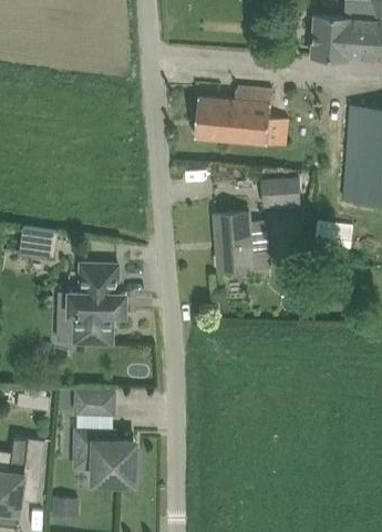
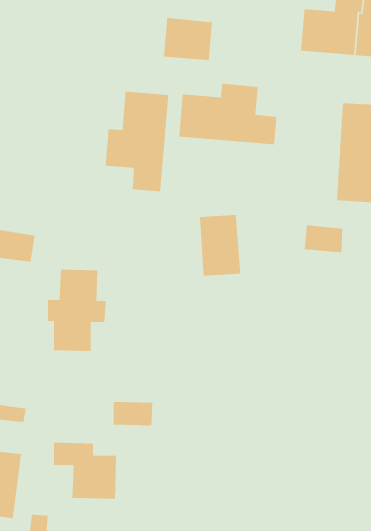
building: none -> [164,17,212,61]
building: none -> [105,91,169,192]
building: [261,180,299,207] -> none
building: [75,392,114,416] -> [113,401,153,426]

